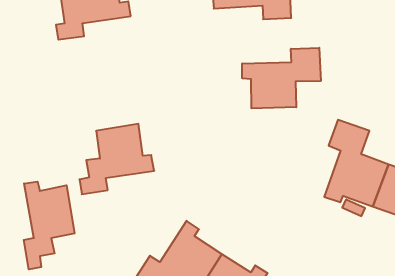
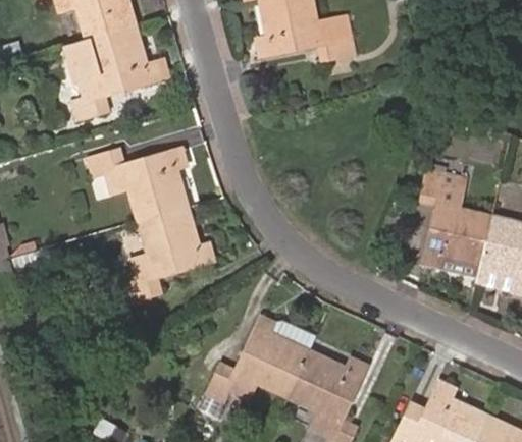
building: [242,48,321,108] -> none
building: none -> [90,148,188,221]
building: [24,182,75,269] -> none

